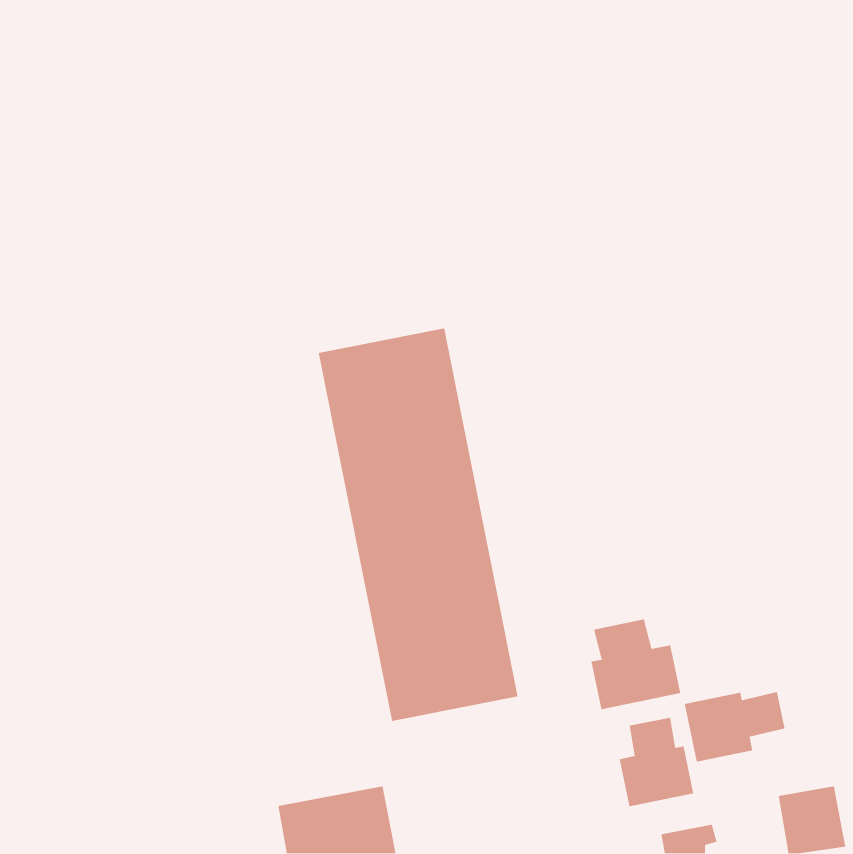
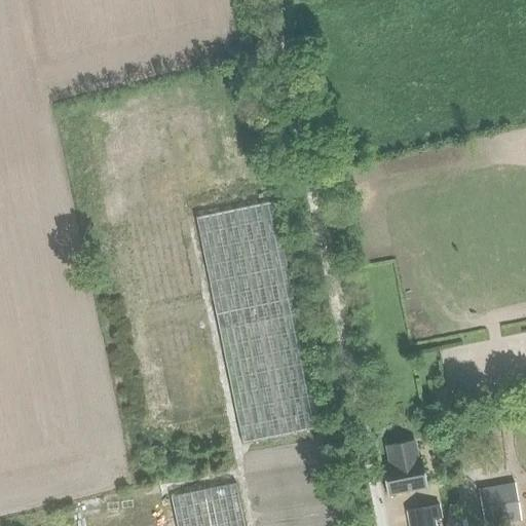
building: [591,618,681,710] -> none
building: [684,691,786,763] -> none

